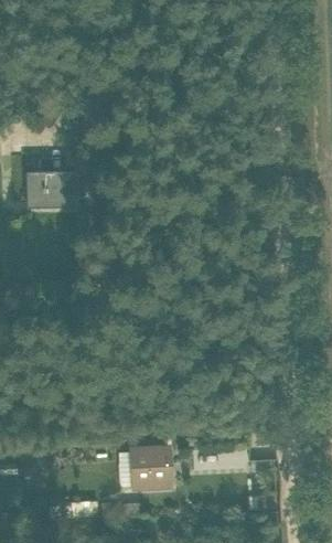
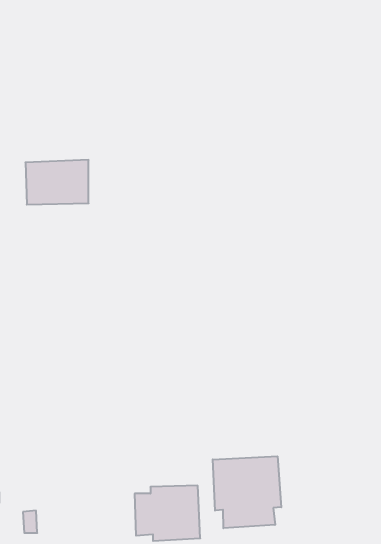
building: none -> [213,456,281,528]

